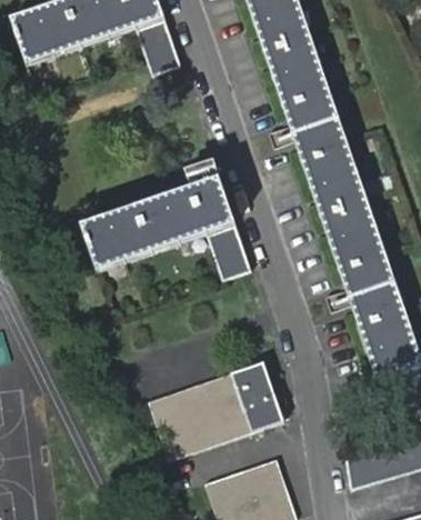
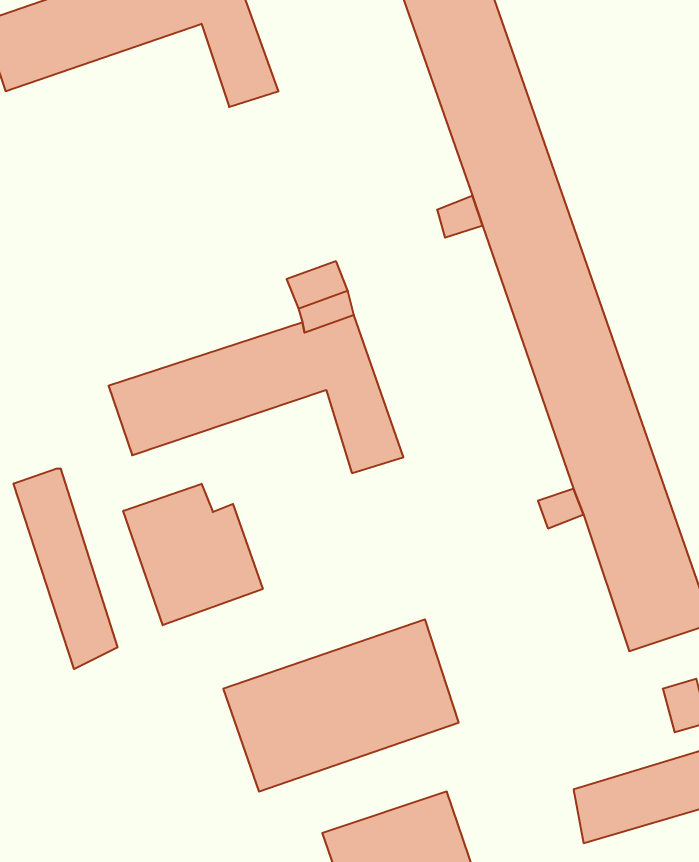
building: none -> [14,468,117,669]
building: none -> [123,484,263,625]

